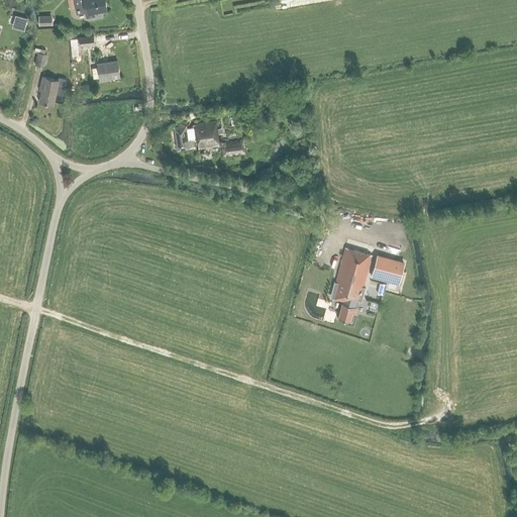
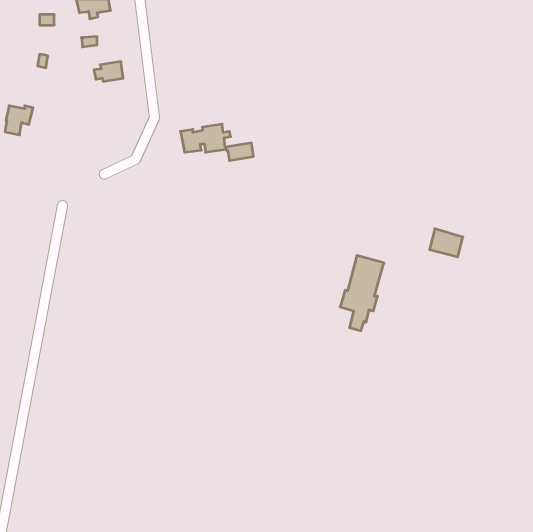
building: [39,76,67,104] -> [5,106,33,135]
building: [371,255,403,283] -> [430,229,463,257]

